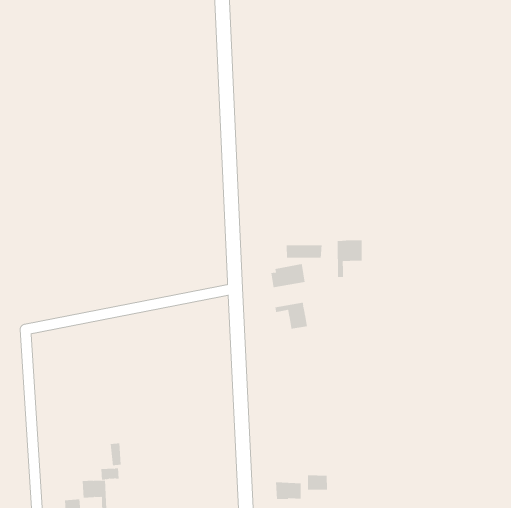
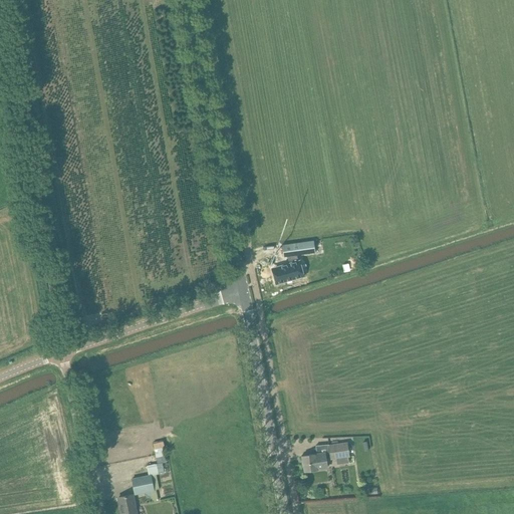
building: [337,240,362,278] -> none
building: [275,302,307,329] -> none

